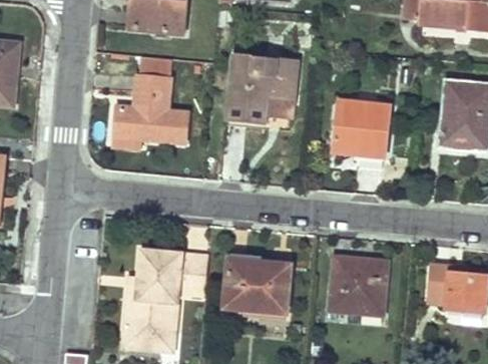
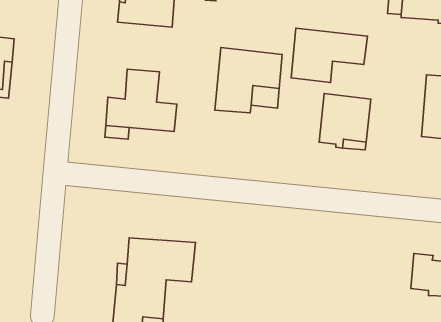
building: none -> [291,28,367,83]
building: [330,256,387,313] -> none
building: [224,260,290,311] -> none

